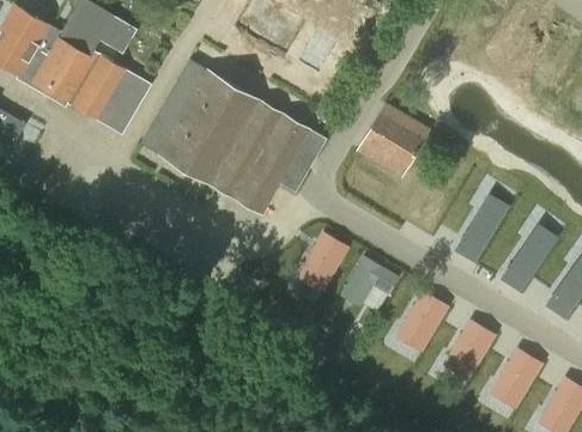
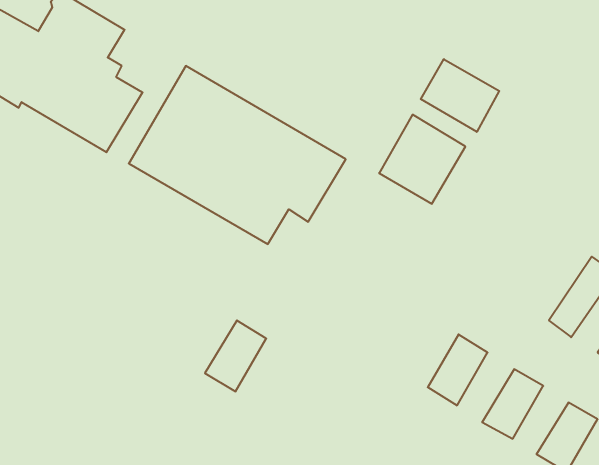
building: none -> [421,59,499,132]
building: [454,193,510,262] -> none
building: [296,230,348,291] -> [205,320,266,391]
building: [338,255,396,308] -> none

